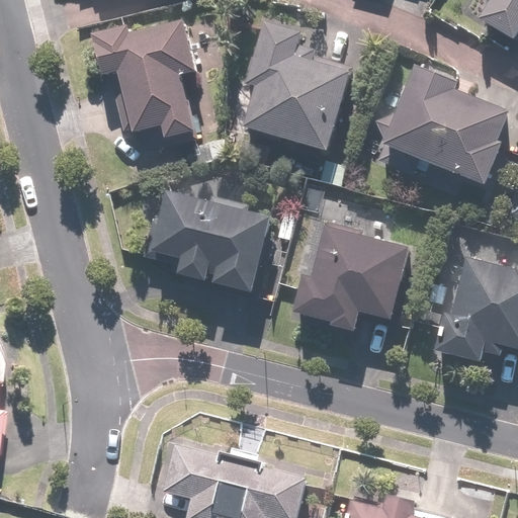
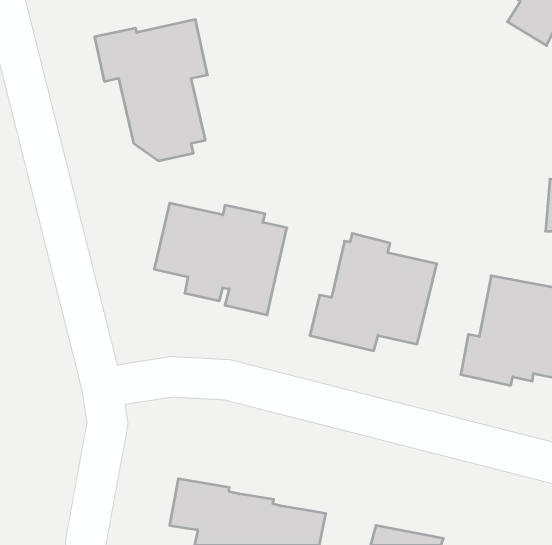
building: [244,21,351,153] -> none
building: [378,67,508,186] -> none

